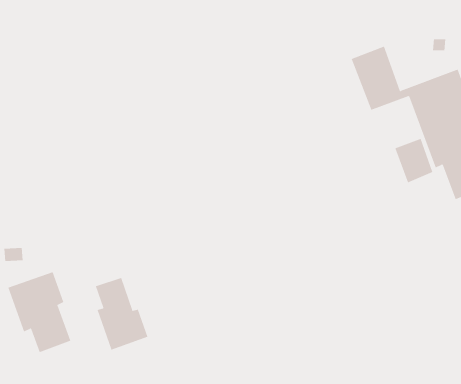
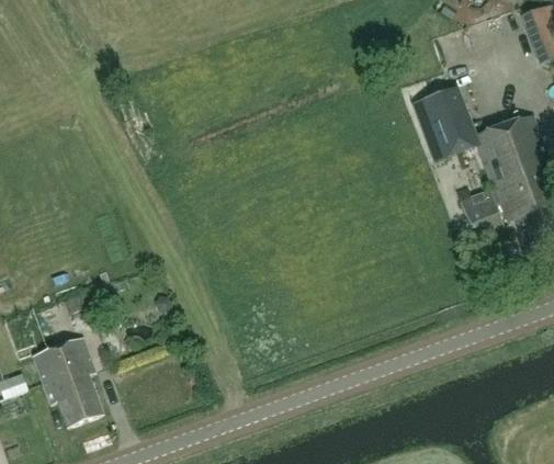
building: [95,277,148,350] -> none

